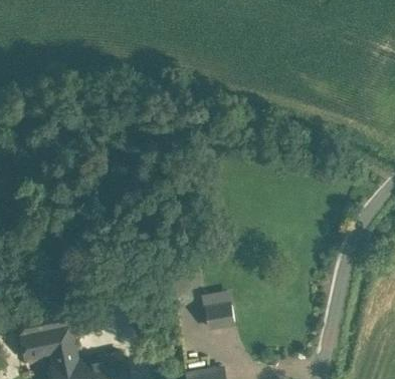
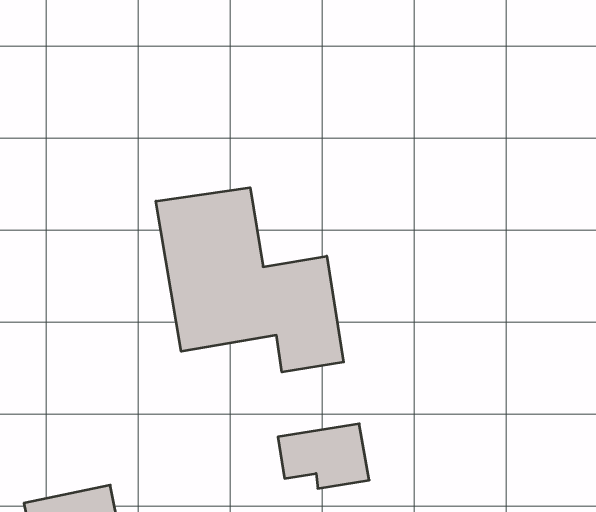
building: none -> [156,188,344,372]

